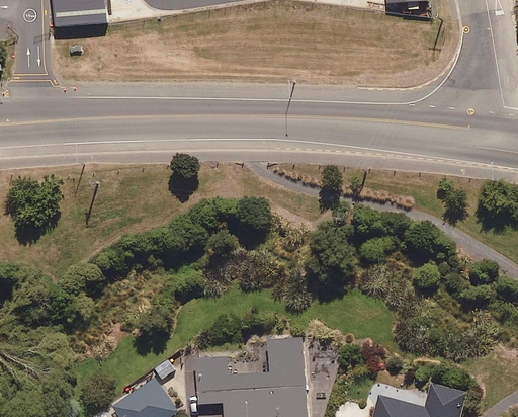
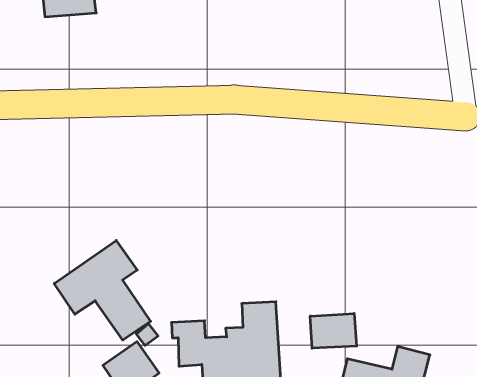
building: none -> [54,240,151,340]
building: none -> [310,313,357,348]

